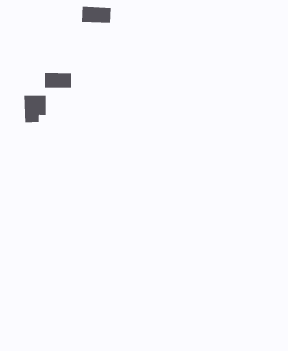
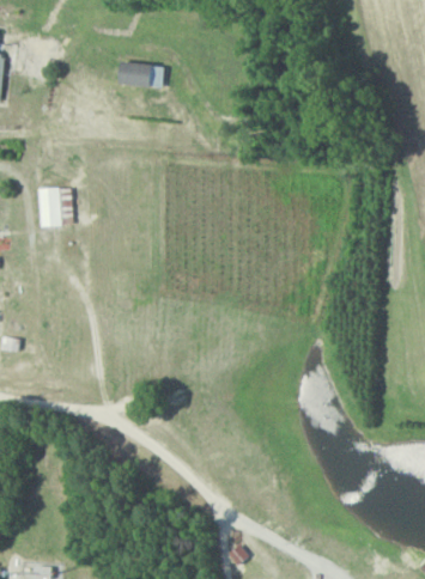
building: [44,72,72,88] -> none

